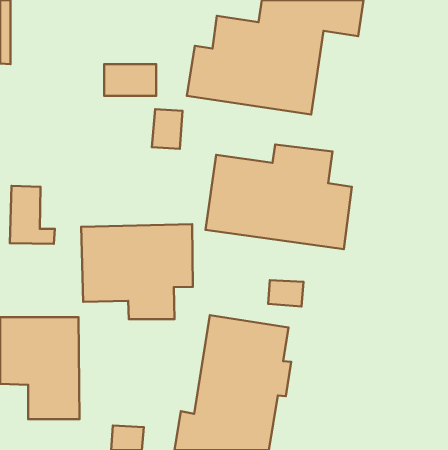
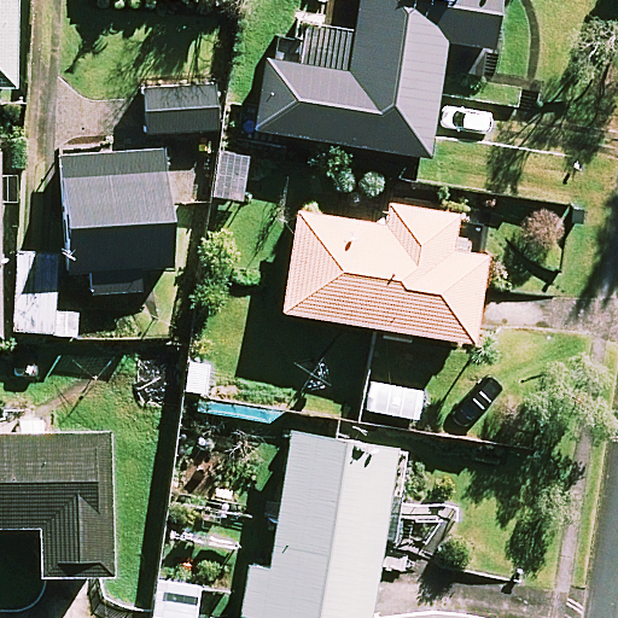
building: none -> [66,153,171,295]
building: [81,224,193,319] -> none

